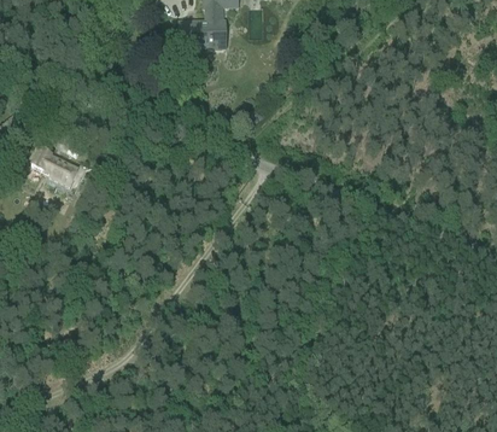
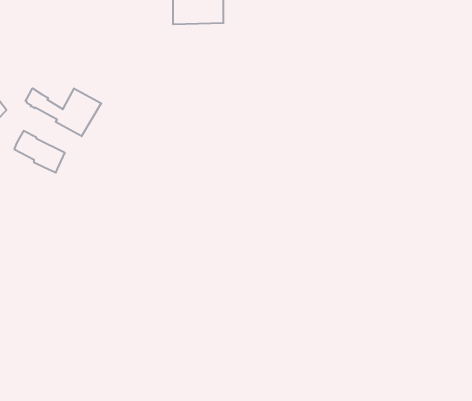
building: none -> [26,88,101,136]

